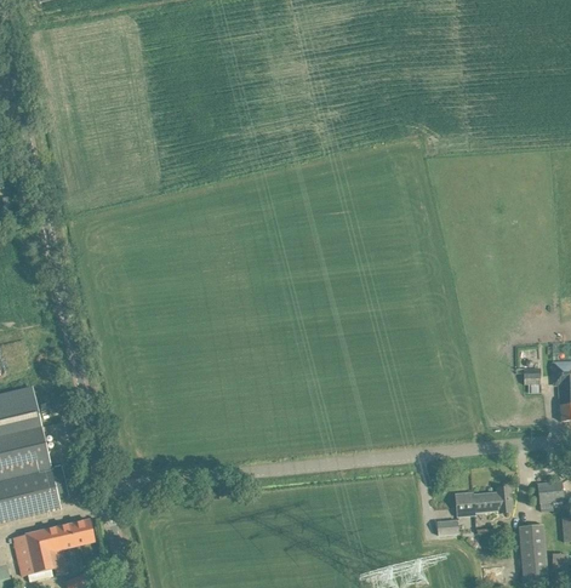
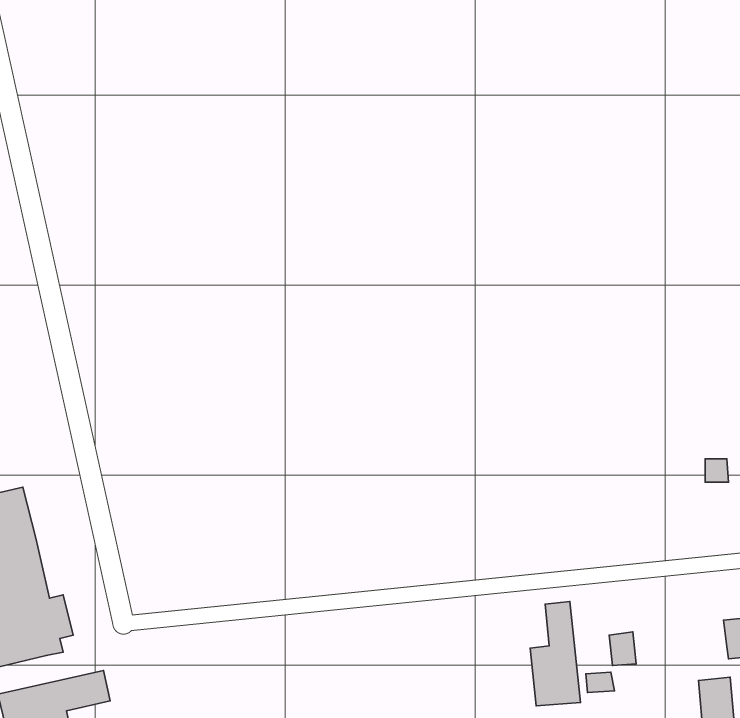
building: none -> [530,601,580,706]
building: [470,486,510,514] -> none

